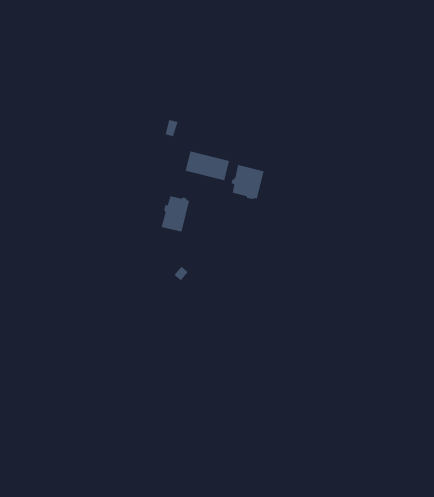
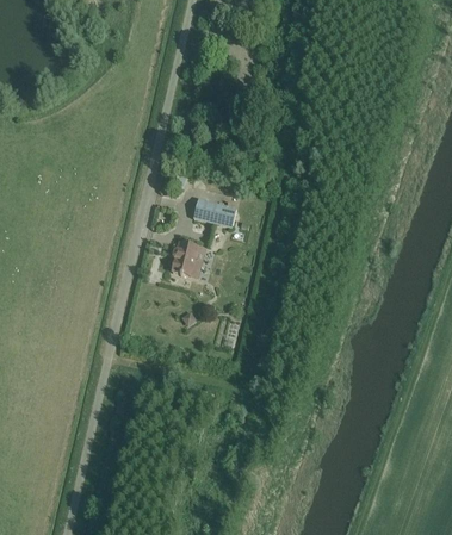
building: [231,164,264,200] -> none

